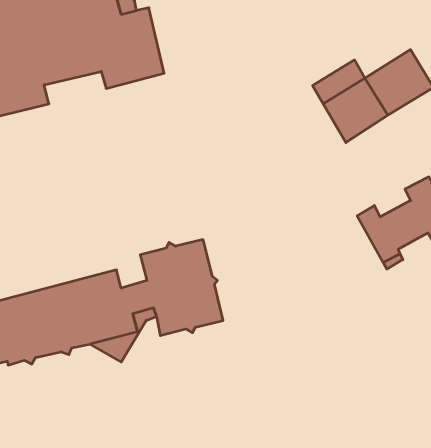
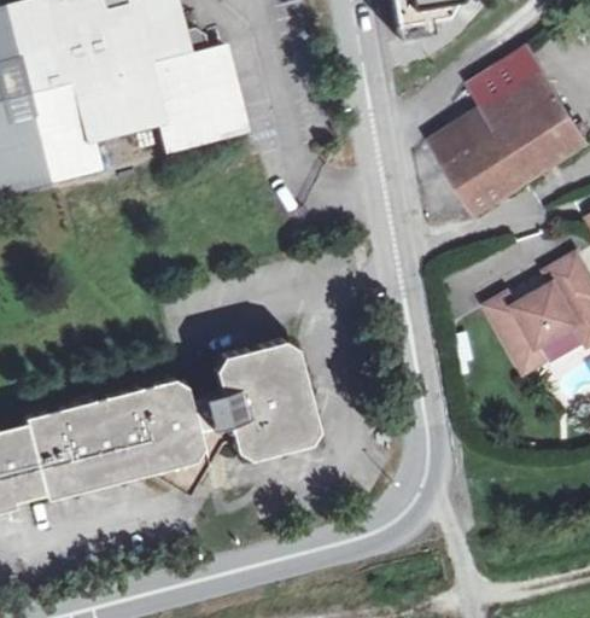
building: none -> [467,49,556,134]

